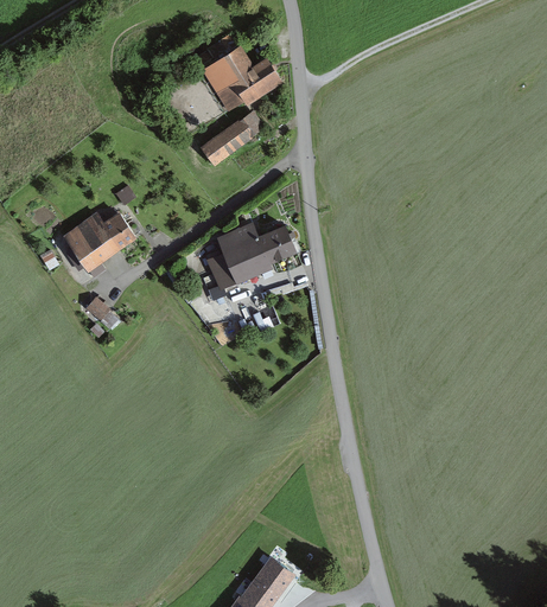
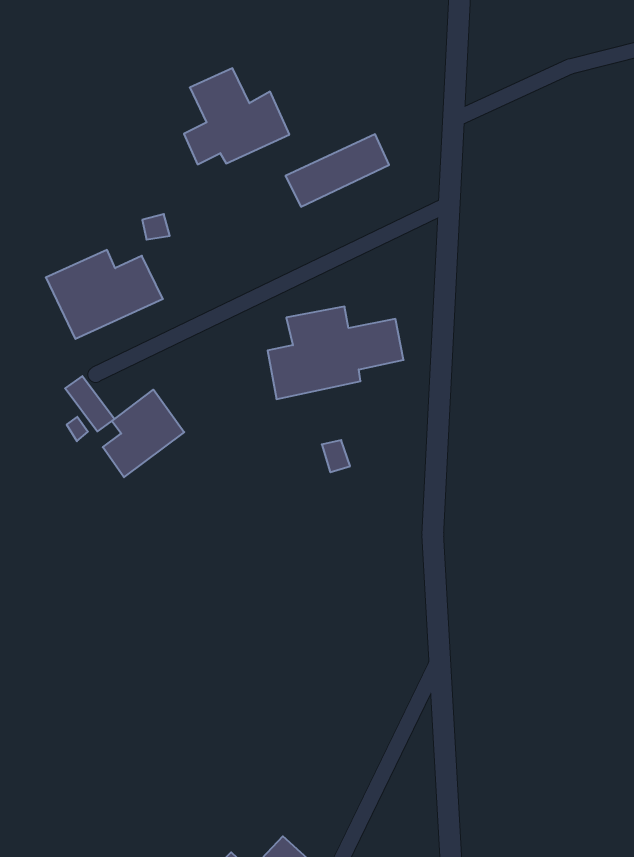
building: [214,47,281,111] -> [184,68,289,164]
building: none -> [103,390,184,477]

